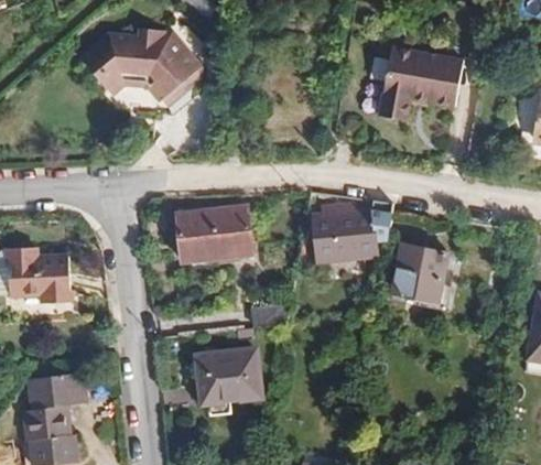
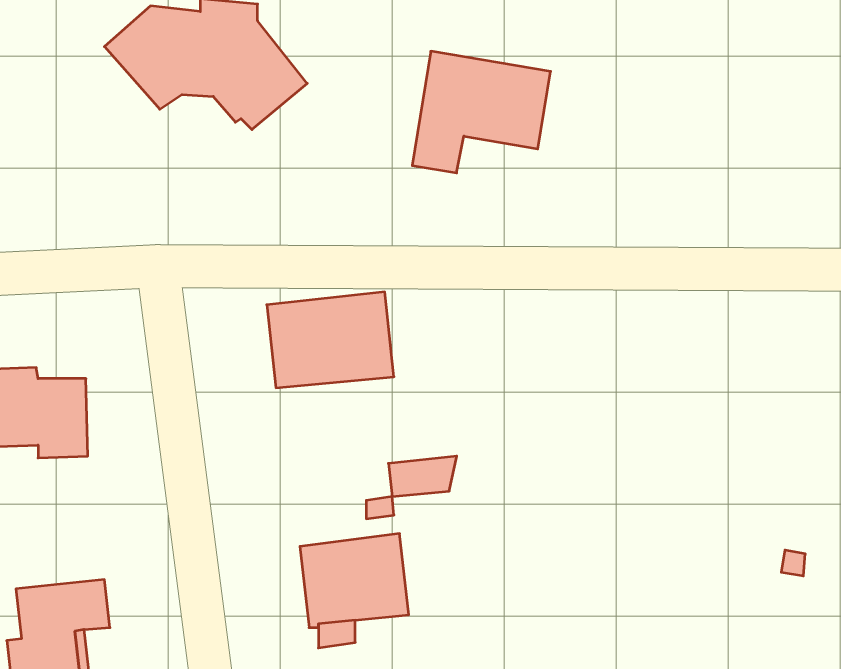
building: [378,45,461,118] -> [412,51,551,173]
building: [312,204,392,263] -> none
building: [389,244,450,303] -> none

